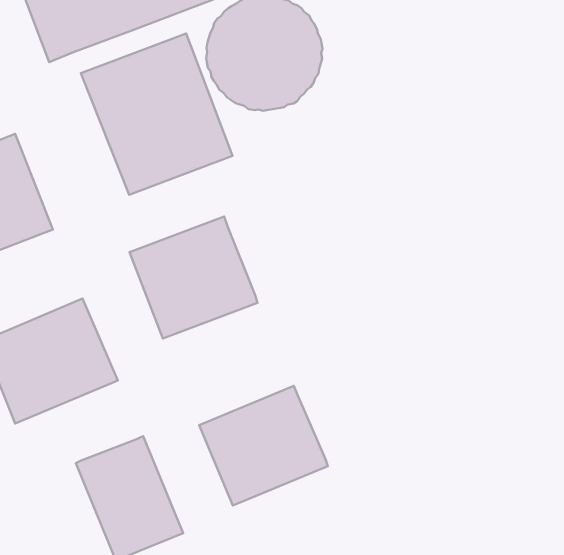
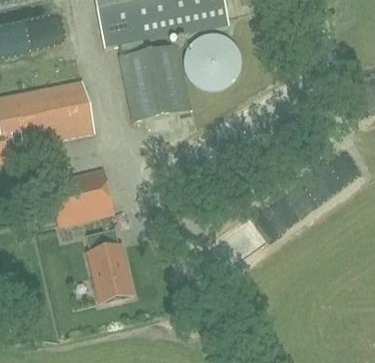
building: [130,217,257,339] -> none
building: [199,386,328,505] -> none

